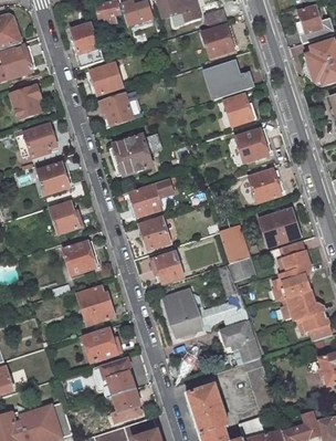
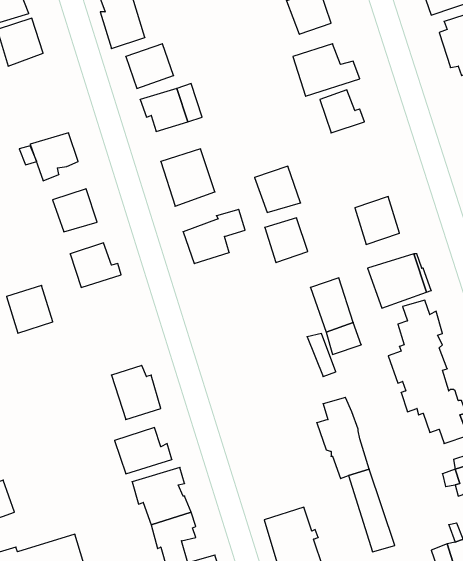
building: [10,86,41,118] -> none
building: [235,129,267,161] -> [255,166,301,212]
building: [139,218,169,249] -> [265,218,308,263]
building: [63,240,95,273] -> [7,285,53,333]
building: [150,252,182,282] -> none
building: [167,290,202,336] -> none

